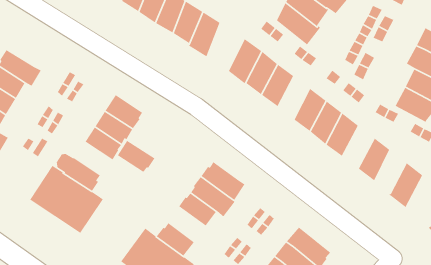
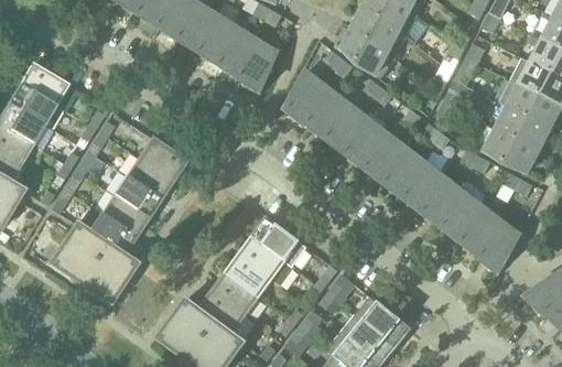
building: none -> [20,64,66,105]
building: none -> [345,116,383,169]
building: none -> [422,175,461,227]
building: [117,140,155,173] -> [101,195,148,235]
building: none -> [461,204,499,257]
building: none -> [214,272,259,315]

